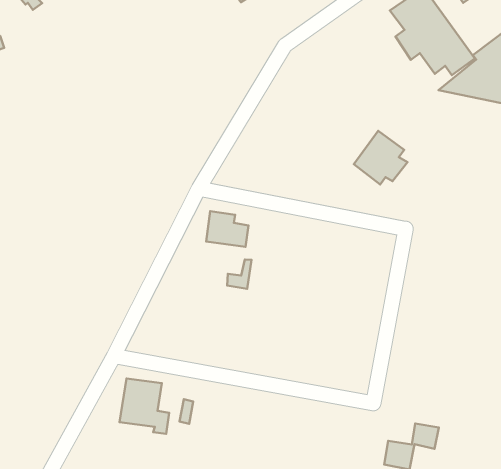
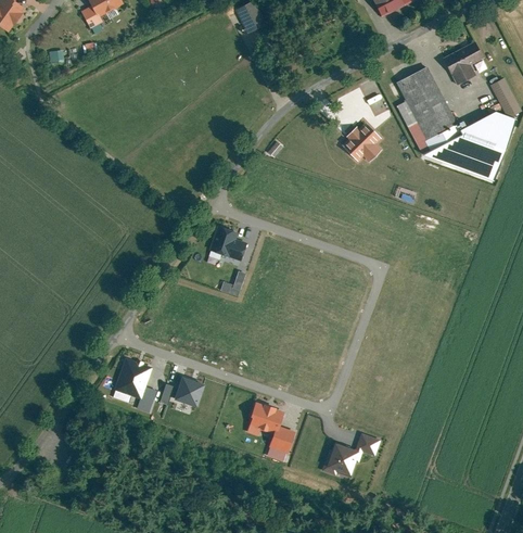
building: [354,131,407,185] -> [337,119,383,165]
building: none -> [174,378,204,407]
building: none -> [243,402,294,450]

